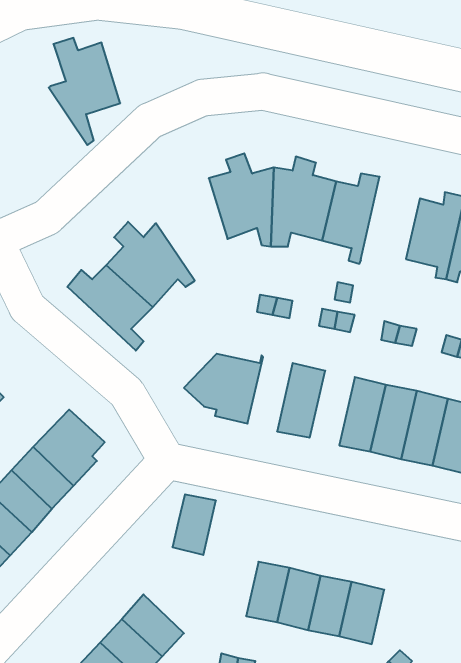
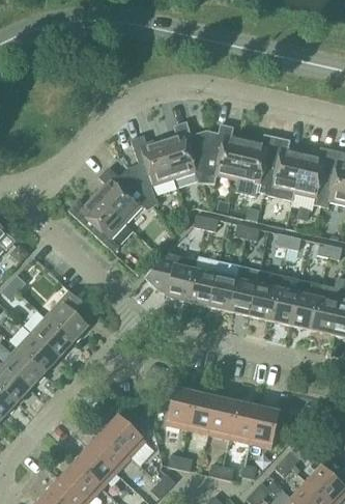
building: [49,38,120,145] -> [126,135,174,206]
building: none -> [263,137,303,200]
building: none -> [188,257,218,307]
building: none -> [229,267,259,316]
building: [172,494,216,555] -> [166,390,195,430]

